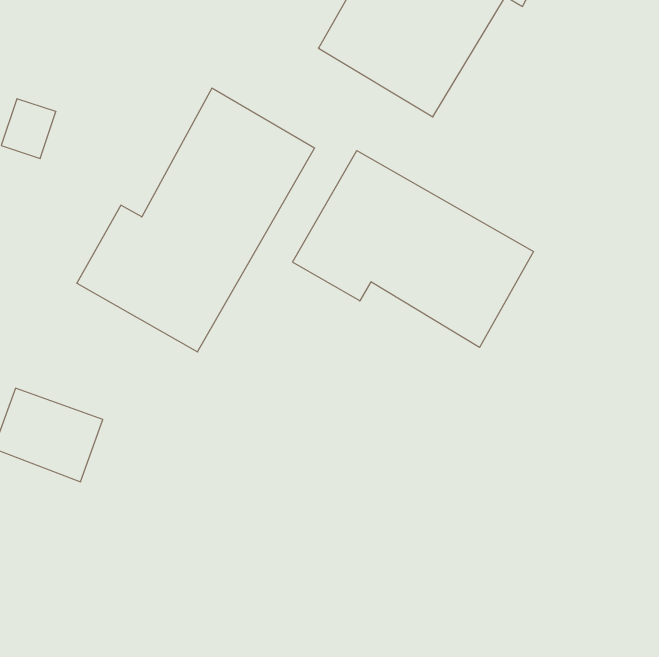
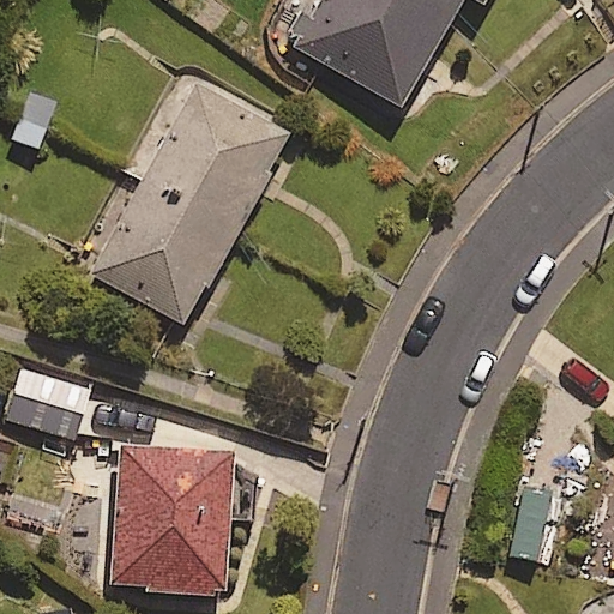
building: [293,151,534,347] -> none
building: none -> [110,447,258,595]

